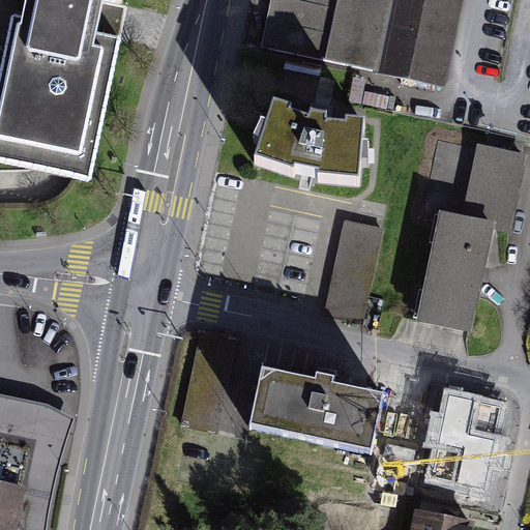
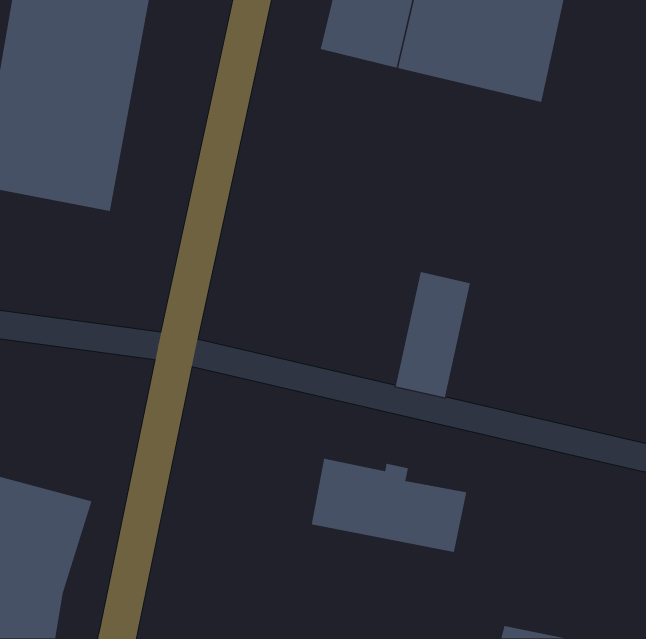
building: [254,105,364,179] -> none
building: [411,147,523,328] -> none
building: [424,404,499,484] -> none

